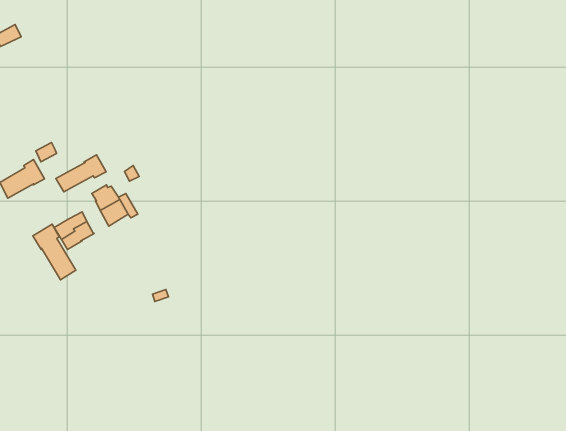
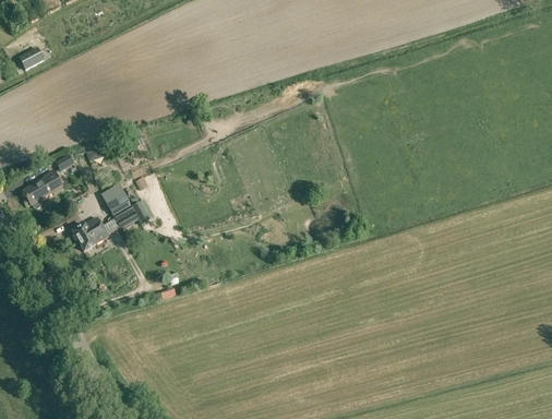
building: [56,155,106,192] -> none
building: [33,224,76,280] -> none

